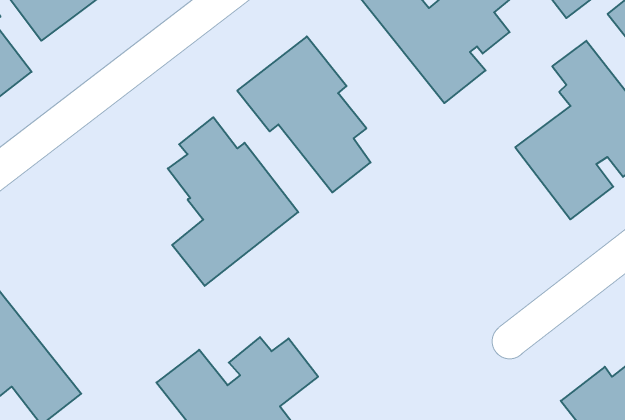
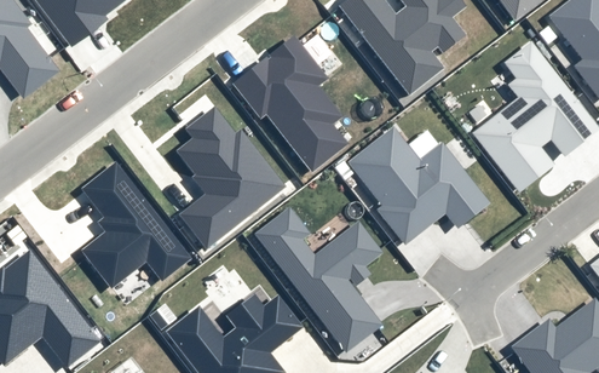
building: none -> [347,126,489,245]
building: none -> [80,162,191,287]
building: none -> [254,206,382,352]

